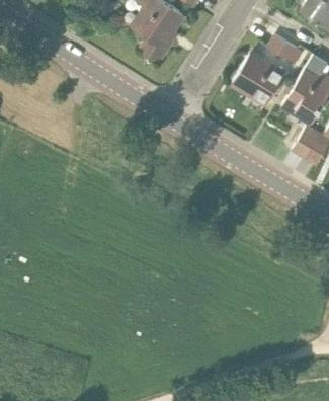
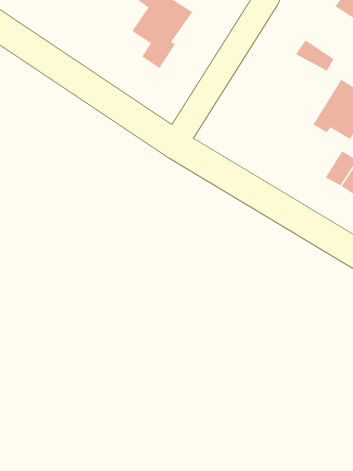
building: [232,53,283,102] -> none

